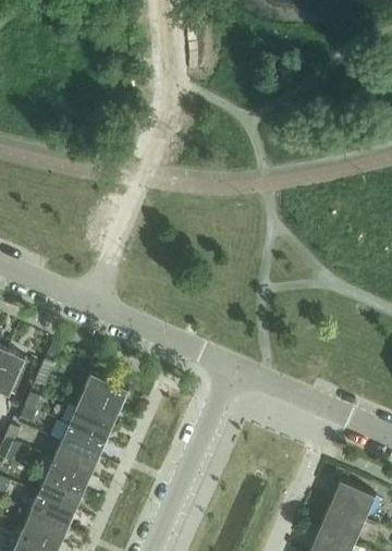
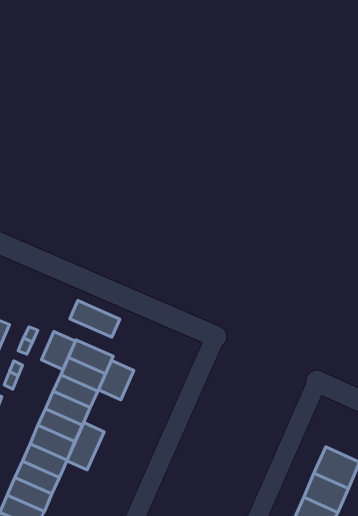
building: none -> [70,300,120,337]
building: none -> [41,332,75,369]
building: none -> [98,360,134,400]
building: none -> [67,423,104,470]

